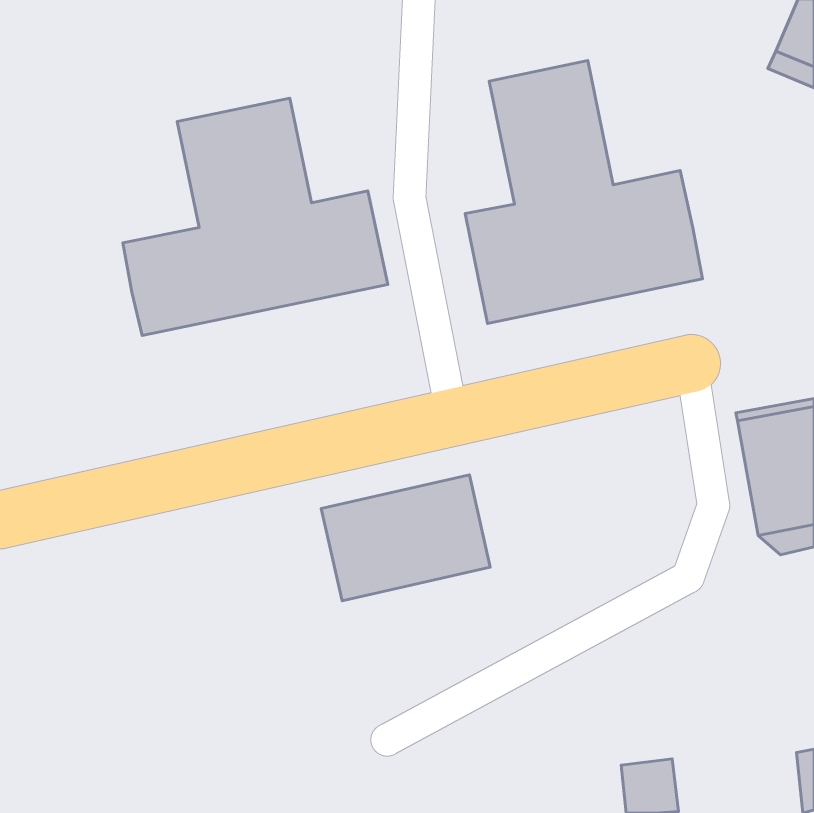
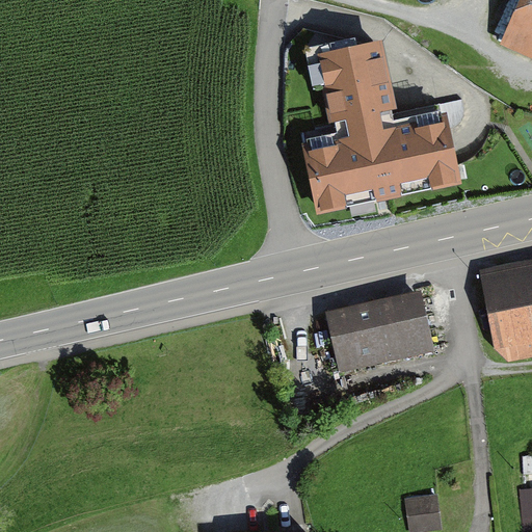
building: [123,98,388,335] -> none
building: [321,475,490,601] -> [325,290,435,372]

